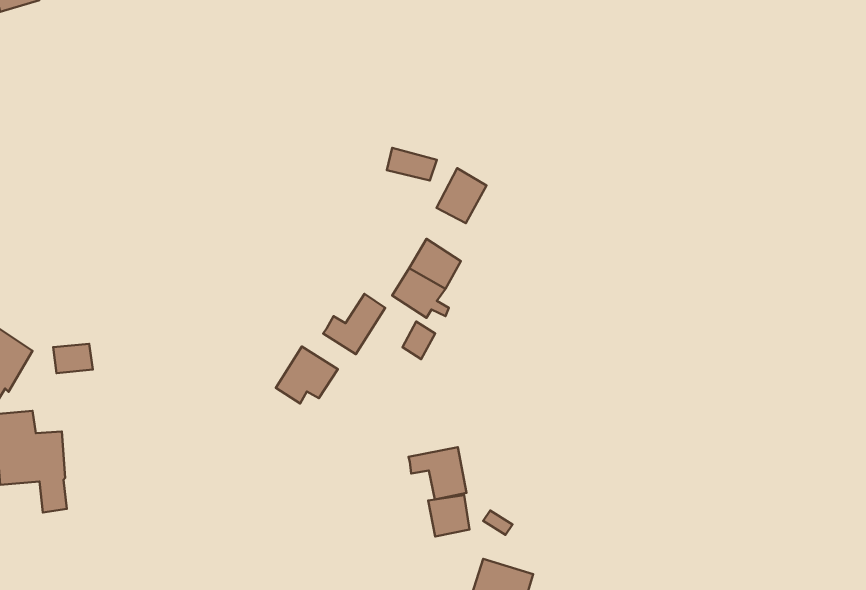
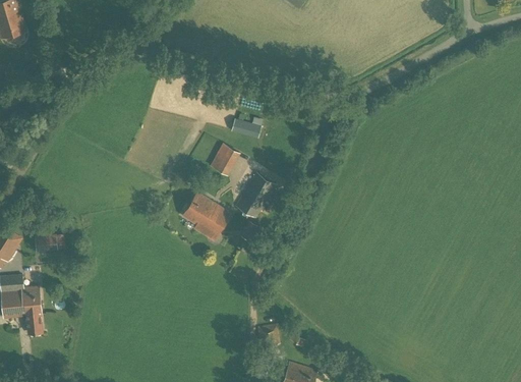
building: [436,168,486,223] -> [210,143,239,175]
building: [276,347,338,403] -> [181,192,218,225]
building: [409,447,466,499] -> none

